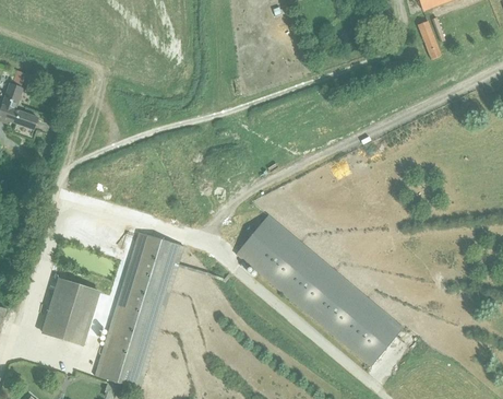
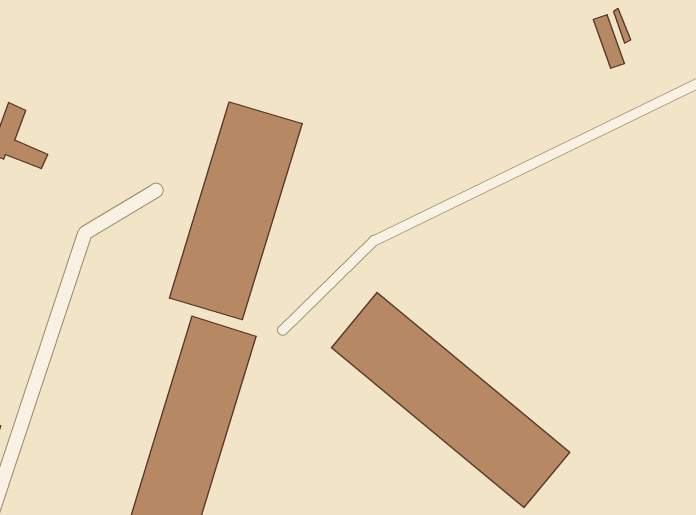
building: none -> [169,102,302,320]
building: [40,278,98,343] -> none

